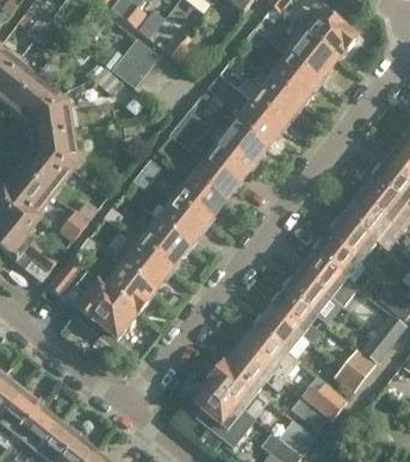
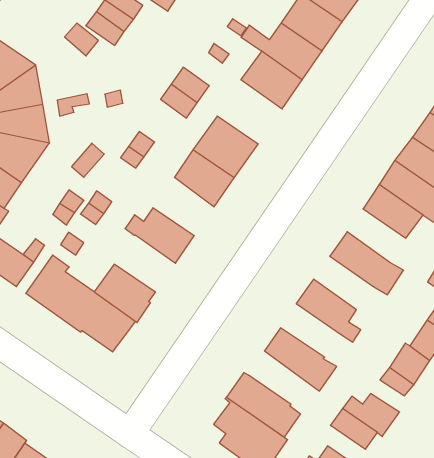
building: [209,121,267,175] -> none
building: [156,198,206,246] -> none
building: [313,233,361,279] -> none
building: [122,242,172,291] -> none
building: [284,270,333,316] -> none
building: [254,307,303,352] -> none
building: [225,344,284,391] -> none

